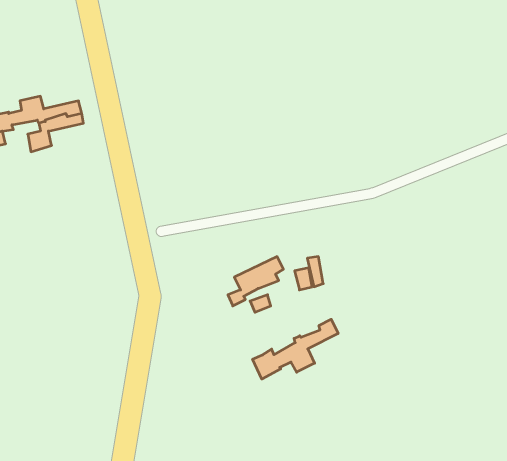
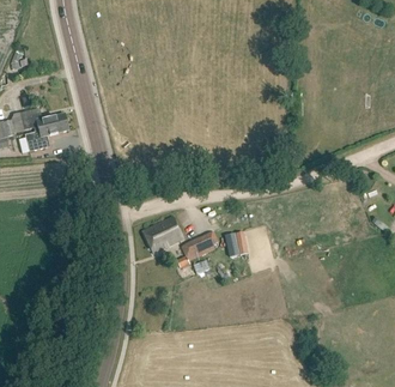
building: none -> [142,216,183,253]
building: [253,319,338,379] -> none

